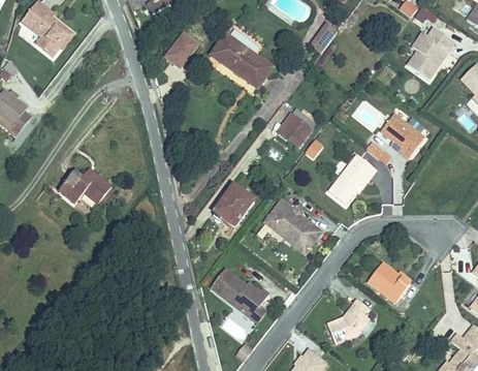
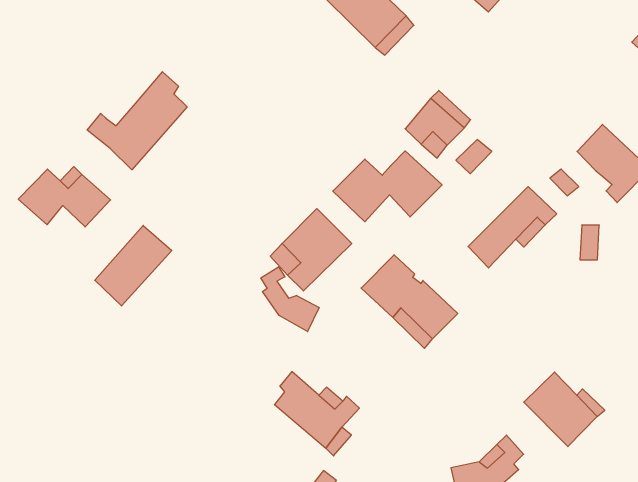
building: none -> [87,72,187,170]
building: none -> [333,151,442,222]
building: none -> [95,225,172,306]
building: none -> [261,267,319,332]

